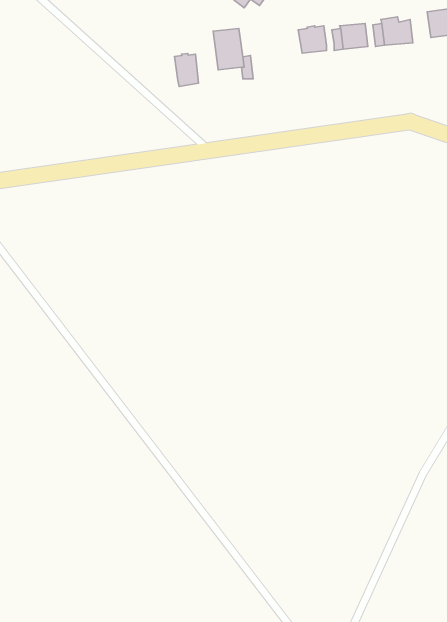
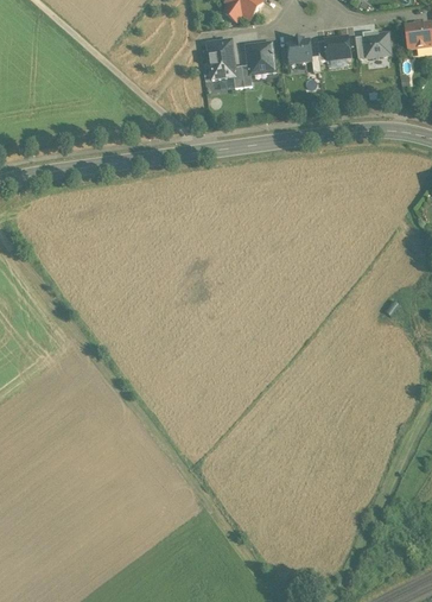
building: none -> [244,42,277,77]
building: [174,53,199,87] -> none

